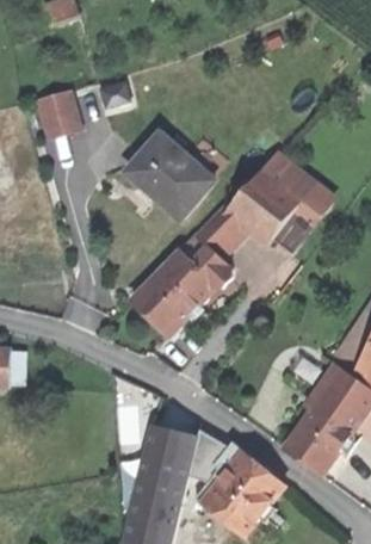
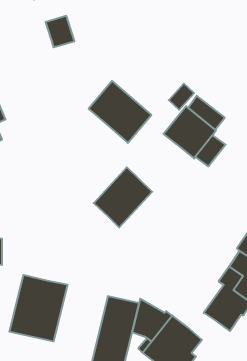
building: [37,97,76,140] -> [46,16,74,47]
building: [178,203,251,285] -> none
building: none -> [10,275,67,341]

